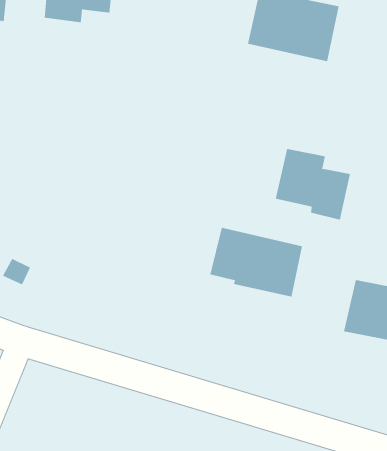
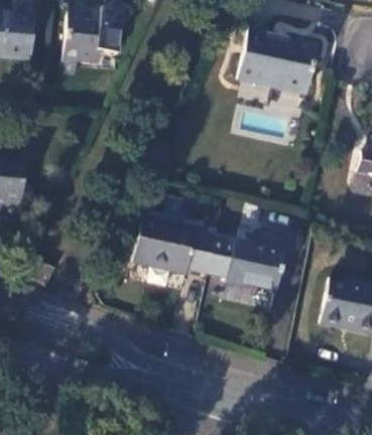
building: [275,148,351,220] -> none
building: none -> [132,219,215,276]

